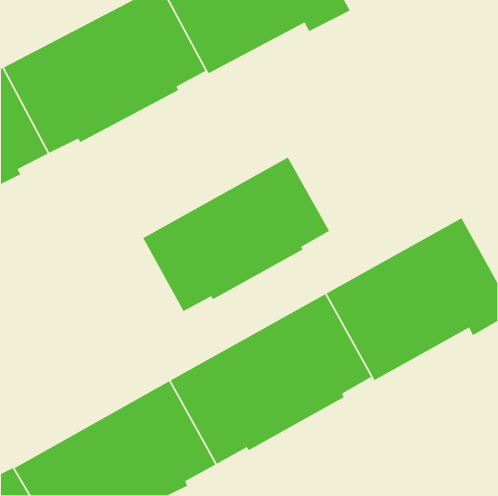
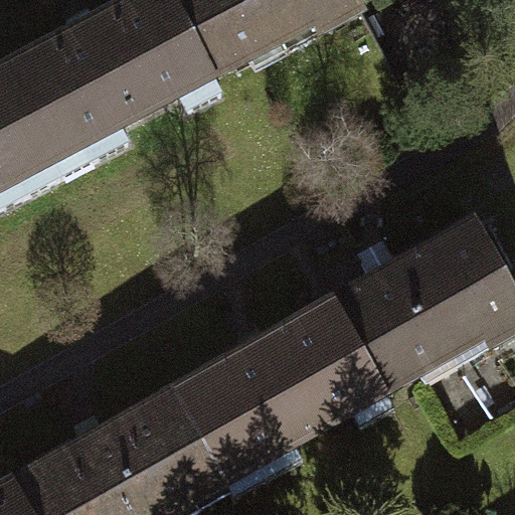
building: [142,156,330,312] -> none

